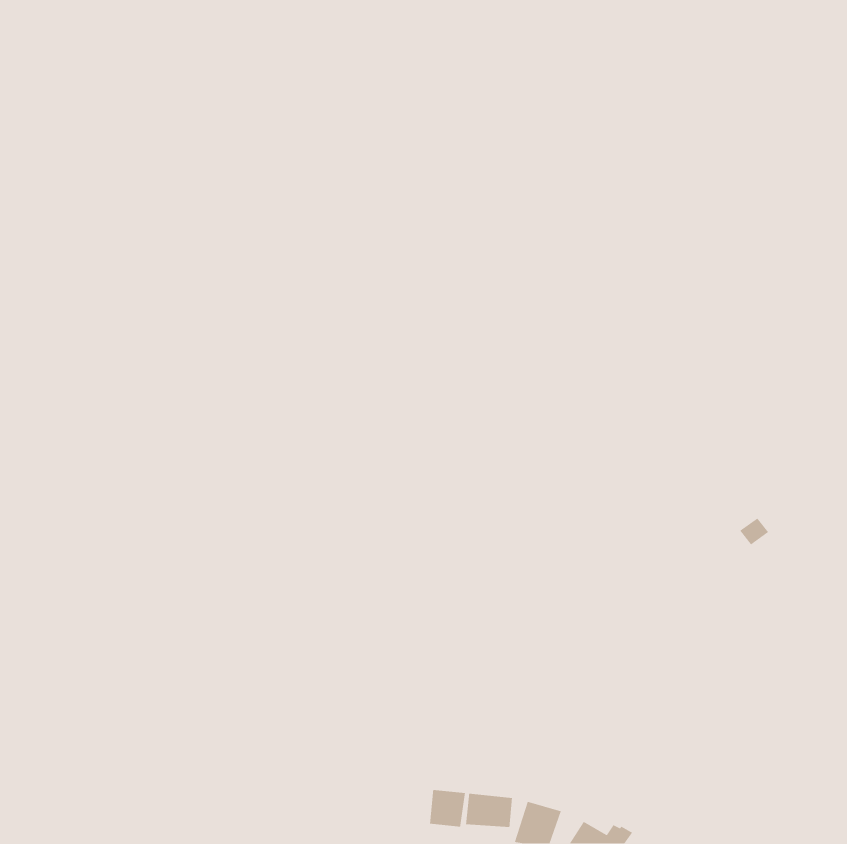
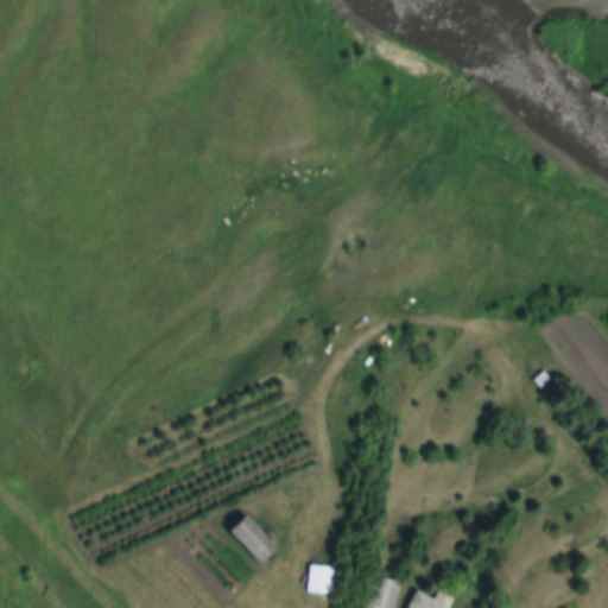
building: none -> [228,514,278,564]
building: [465,793,513,828] -> none

